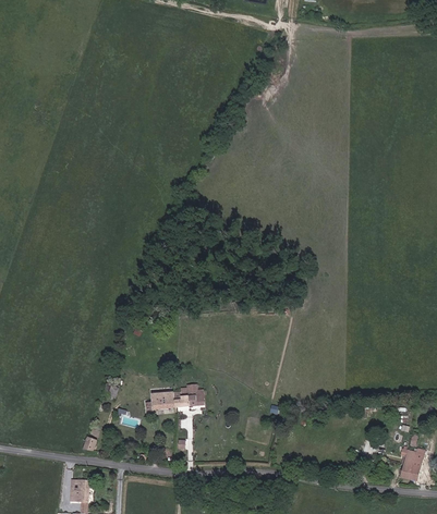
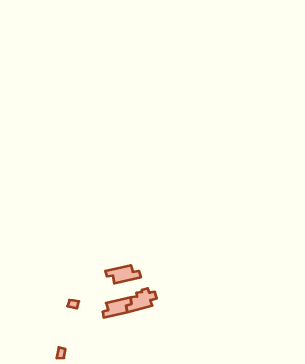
building: none -> [105,265,141,283]

